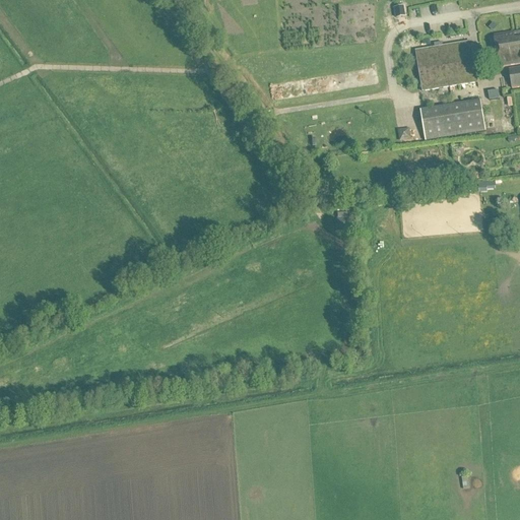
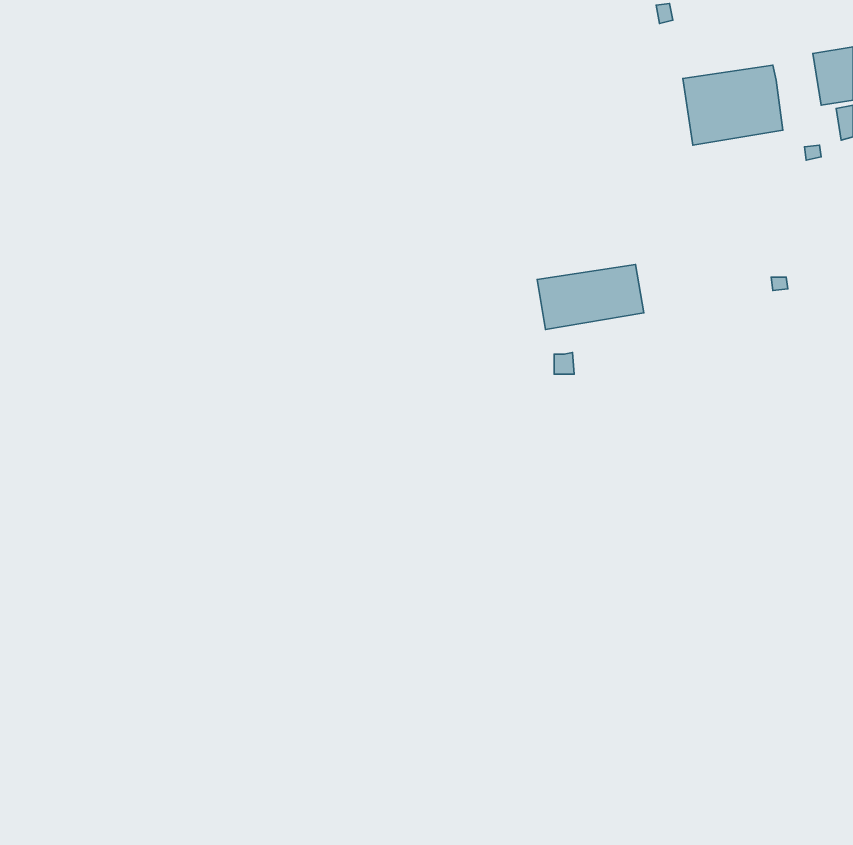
building: [419,99,484,138] -> [537,264,644,329]

